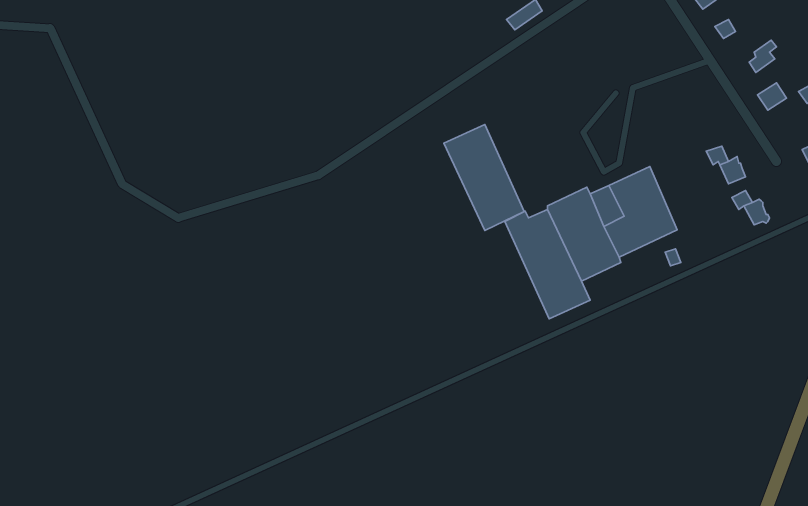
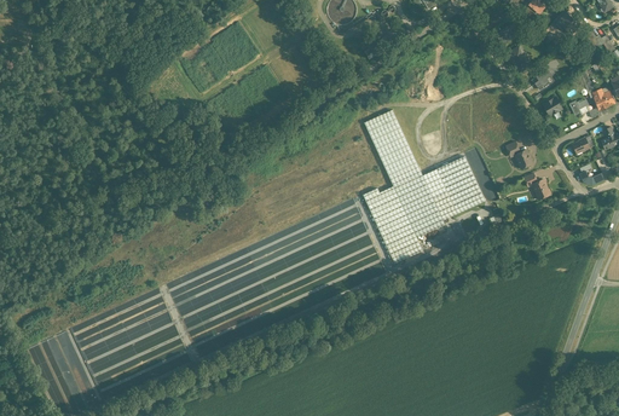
building: [444,124,524,230] -> [363,109,420,184]

